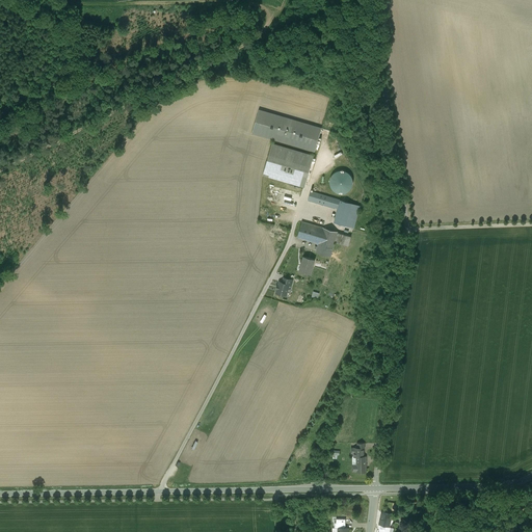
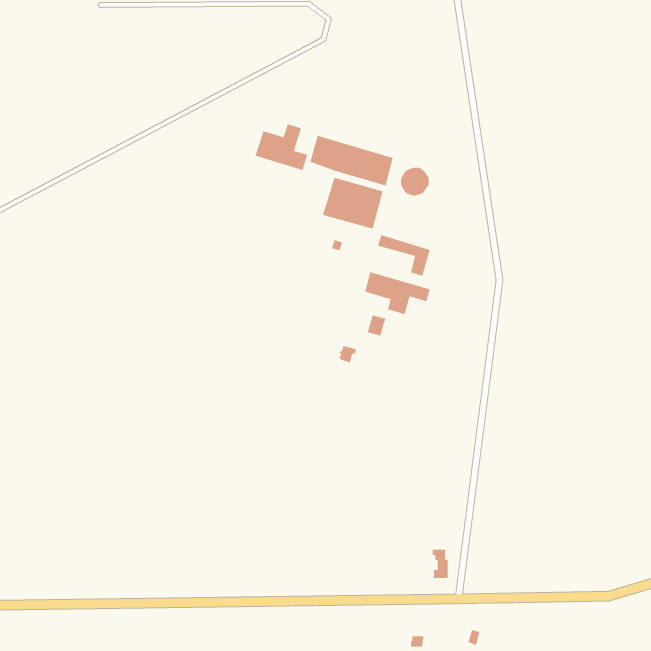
building: none -> [255,124,308,171]
building: [329,170,353,194] -> [400,167,429,196]

